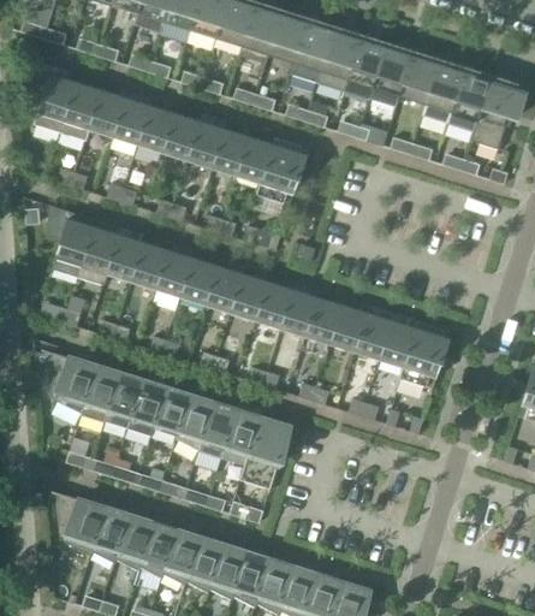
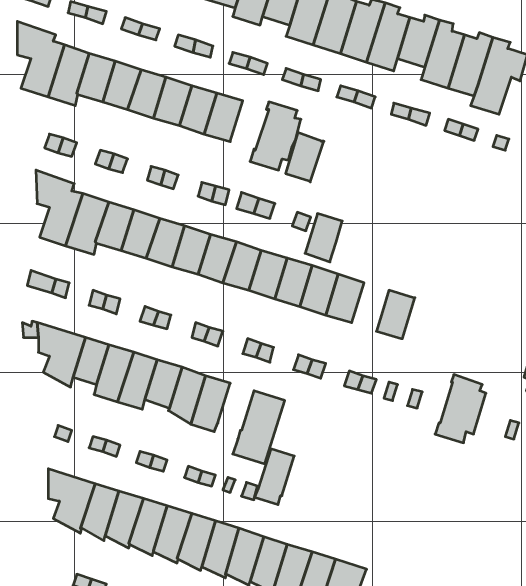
building: [237,136,274,184] -> [286,133,324,182]
building: [355,313,391,360] -> [305,214,342,262]
building: [399,320,448,386] -> [435,375,486,443]
building: [221,410,260,464] -> [255,449,294,505]

